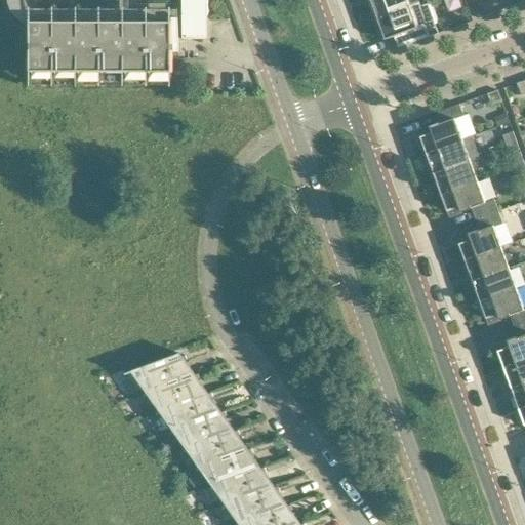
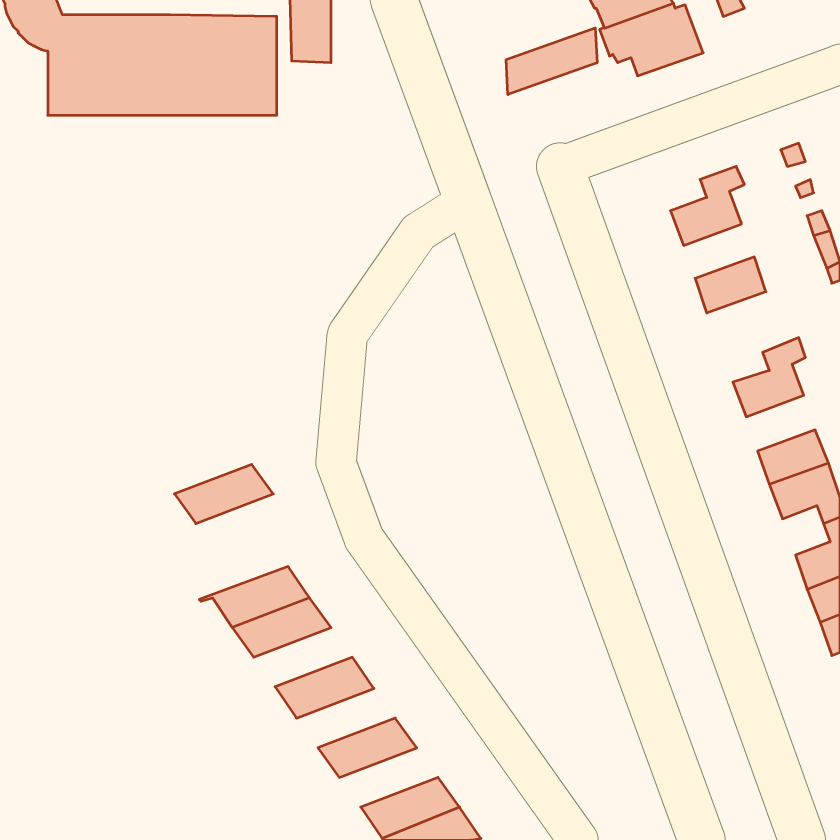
building: none -> [506,28,597,95]
building: [426,136,479,173] -> none
building: [440,181,497,219] -> none
building: [465,246,508,281] -> none
building: [158,391,219,428] -> [174,464,273,524]
building: [185,429,246,466] -> none
building: [211,466,273,502] -> none

